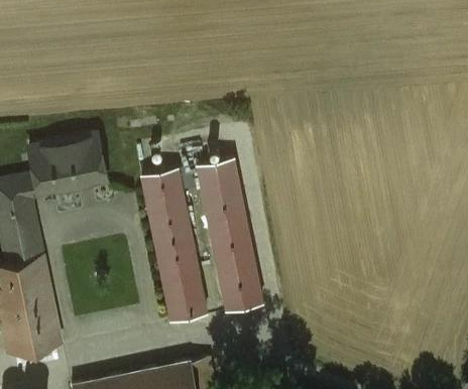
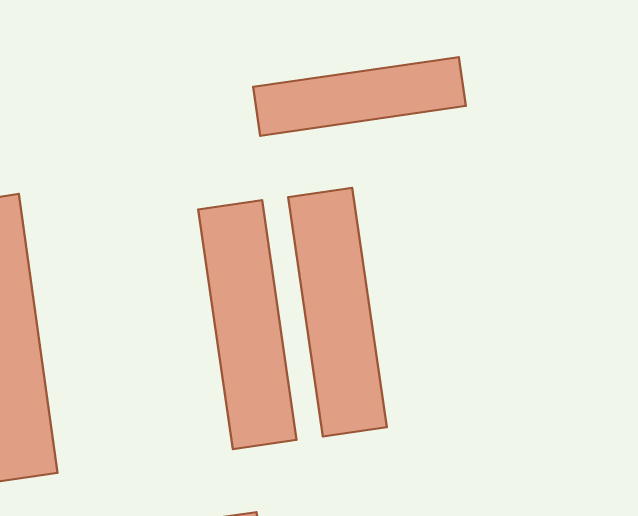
building: none -> [253,57,466,136]
building: [28,133,108,199] -> none

